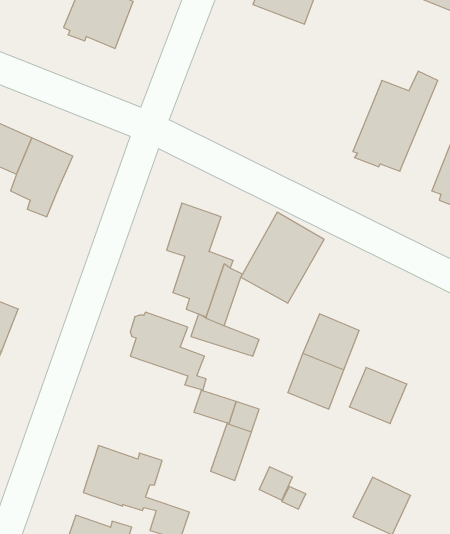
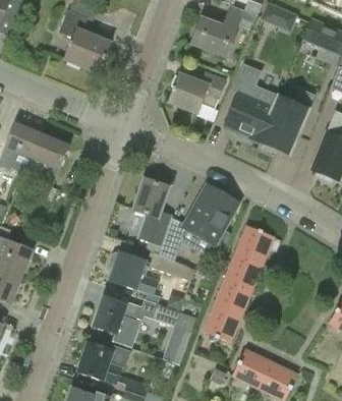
building: none -> [222,63,278,142]
building: none -> [168,70,226,113]
building: none -> [235,225,273,263]
building: [349,367,407,424] -> [203,304,241,342]
building: none -> [92,294,146,337]
building: none -> [231,348,271,388]

